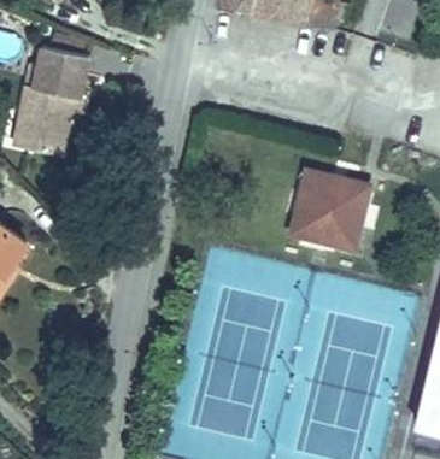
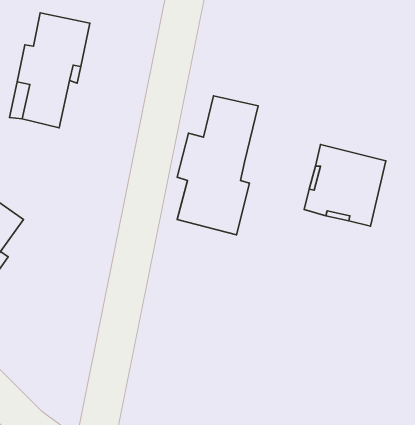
building: none -> [177,96,258,235]

